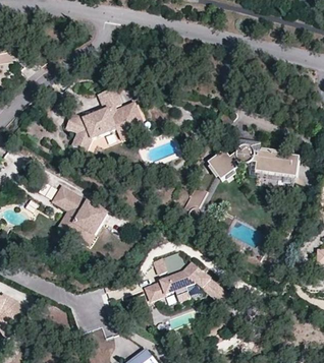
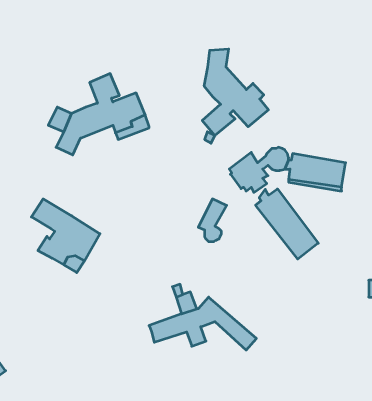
building: none -> [202,49,268,136]
building: none -> [256,189,318,259]

